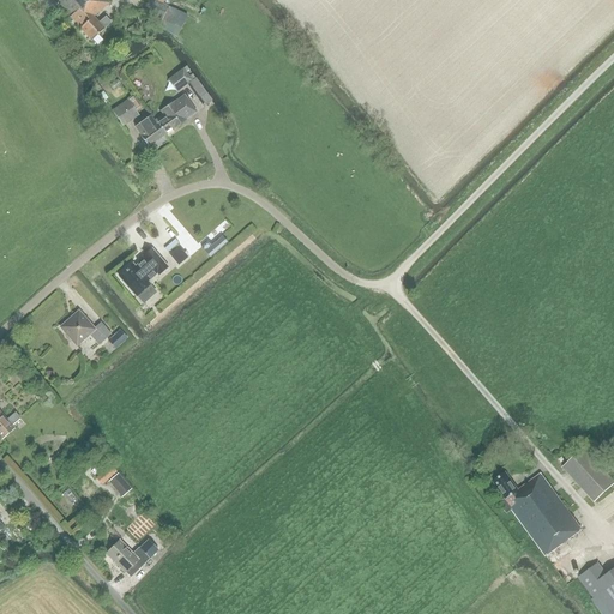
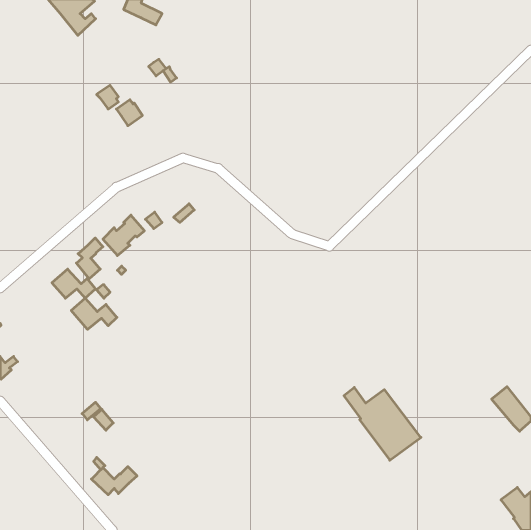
building: [155,95,195,133] -> none
building: none -> [76,238,103,279]
building: none -> [71,298,117,329]
building: [493,471,582,555] -> [344,387,421,460]

